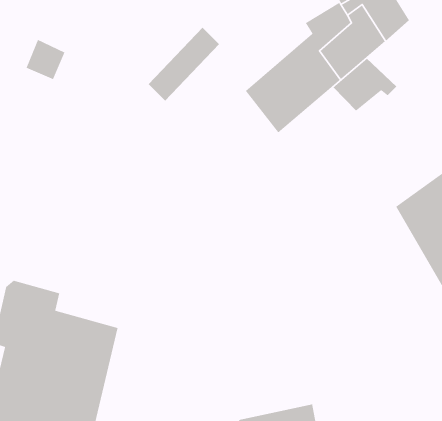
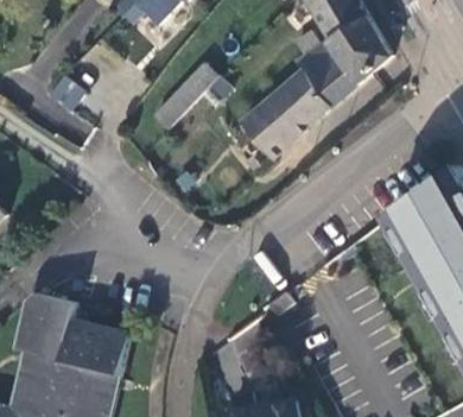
building: [333,58,397,112] -> none

